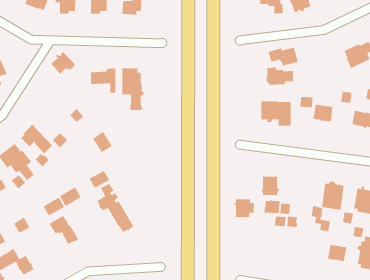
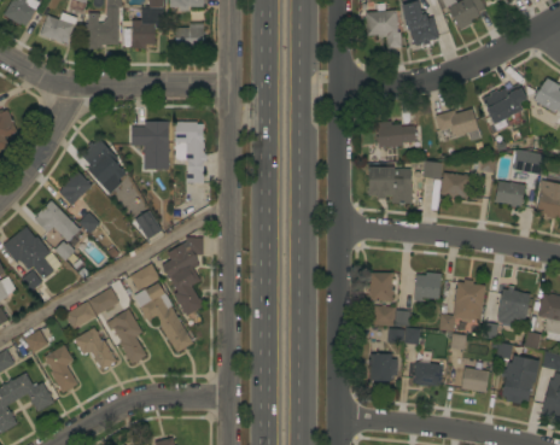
building: [267,46,299,66] -> [434,109,478,136]
building: [51,51,76,74] -> [82,139,117,171]
building: none -> [59,171,92,205]
building: none -> [162,238,204,316]
building: none -> [414,273,441,301]
building: [234,199,254,218] -> [368,355,397,381]
building: none -> [106,309,146,364]
building: none -> [43,345,77,393]
building: none -> [413,351,443,386]

